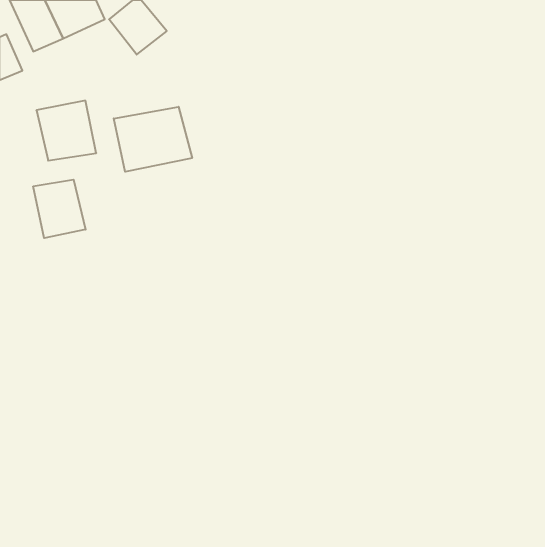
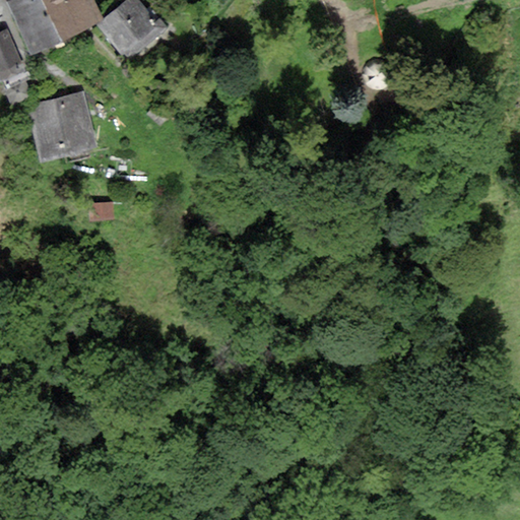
building: [114,107,192,172] -> none
building: [33,180,86,238] -> none

